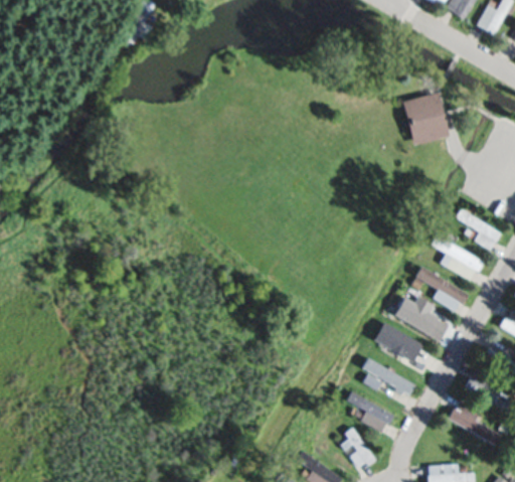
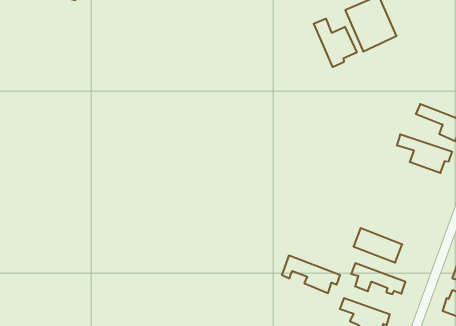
building: none -> [314,19,357,67]
building: [411,266,469,312] -> none
building: [394,297,453,341] -> [282,256,340,293]

